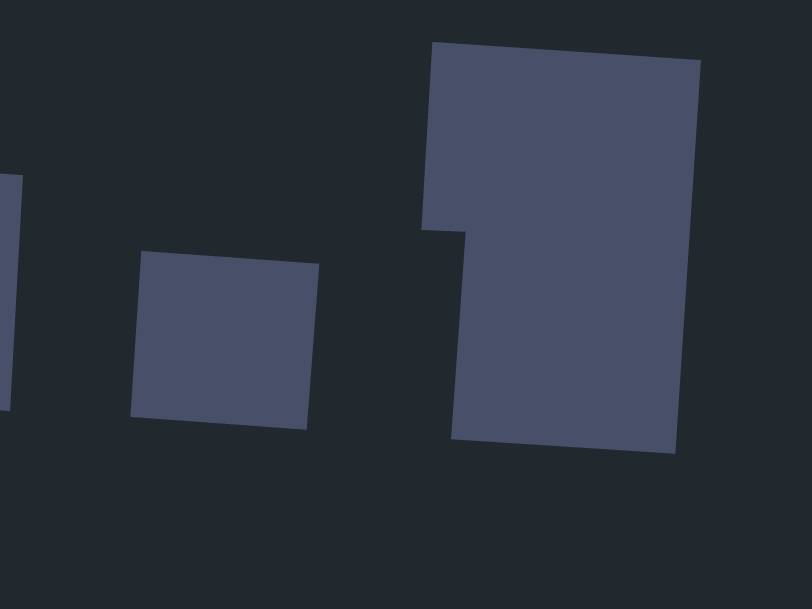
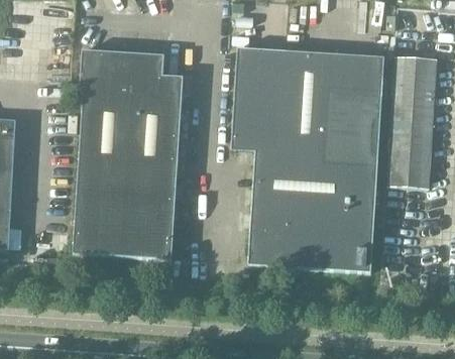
building: none -> [79,48,184,167]
building: none -> [387,55,436,188]

